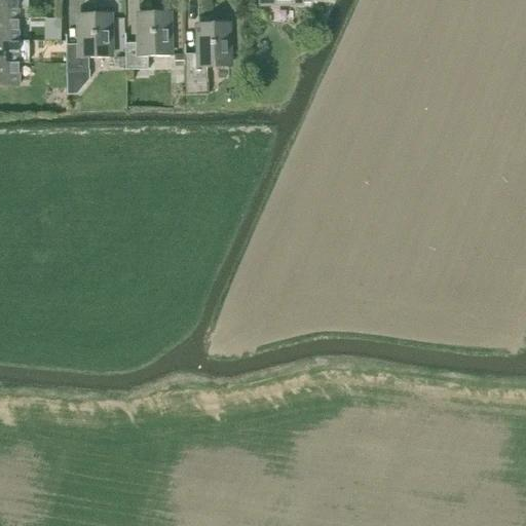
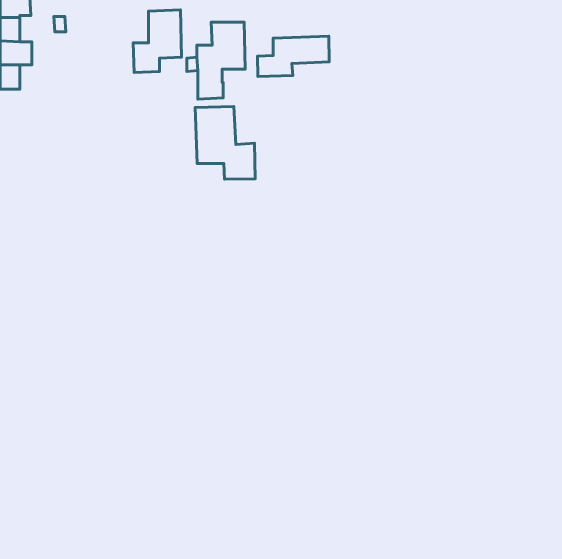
building: [66,10,110,92] -> none
building: none -> [258,36,329,76]
building: none -> [195,106,255,179]

